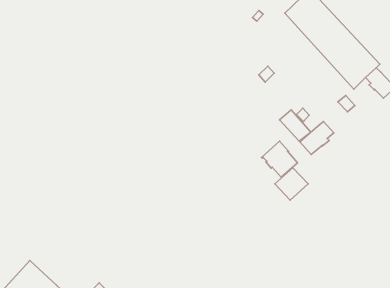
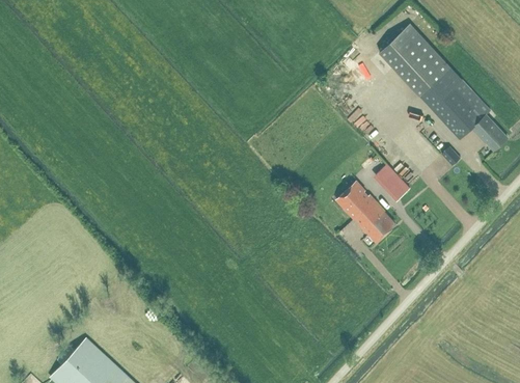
building: [300,121,334,154] -> none
building: [275,168,308,200] -> [335,181,374,218]

